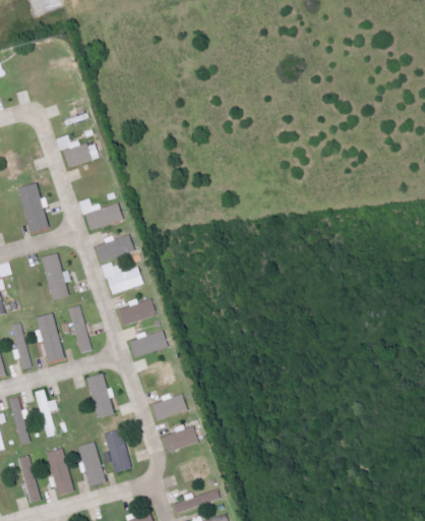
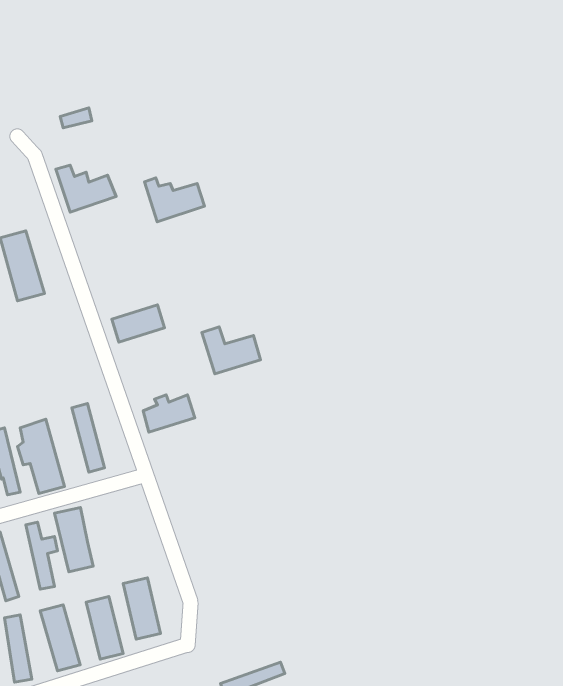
building: [80,198,123,230] -> [144,178,204,222]
building: [41,252,68,299] -> none
building: [102,260,143,294] -> [202,327,261,374]
building: [129,331,167,357] -> none
building: [86,372,114,418] -> [55,508,93,572]
building: [151,394,187,419] -> none
building: [164,427,197,450] -> none

